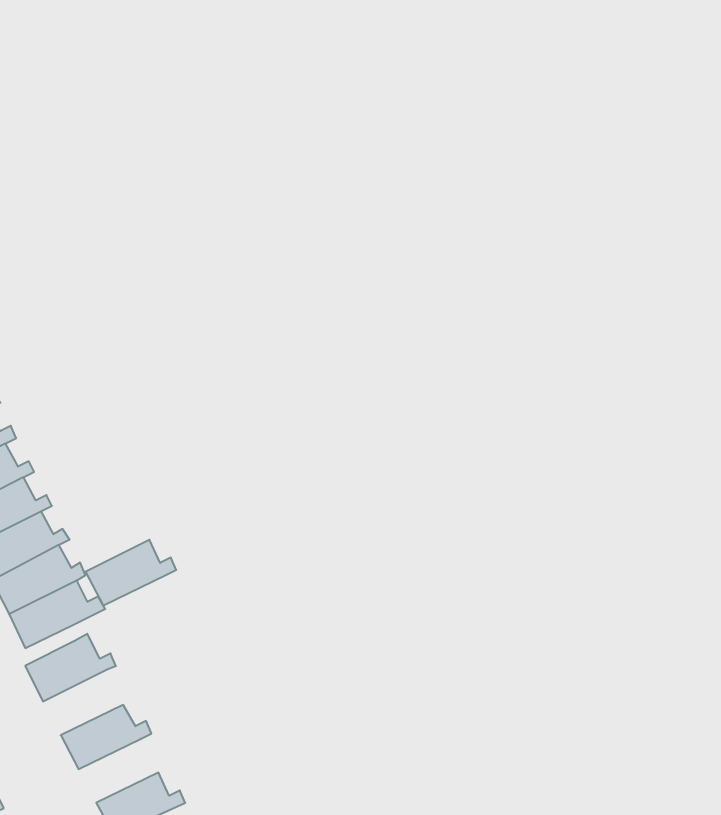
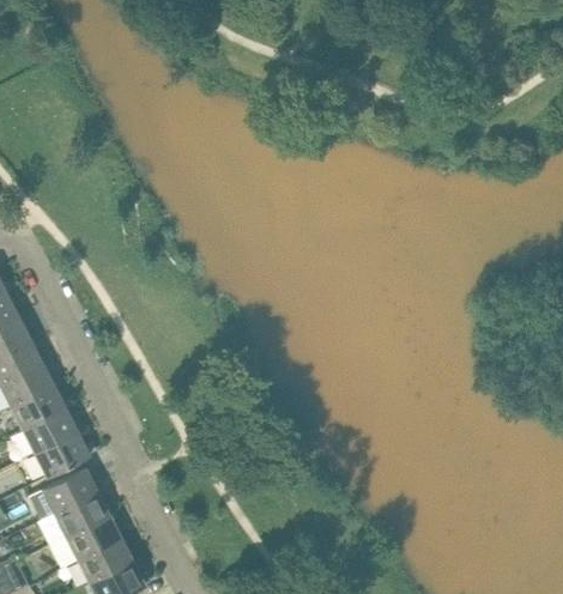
building: [85,540,176,606] -> [54,492,115,537]
building: none -> [78,539,139,582]

